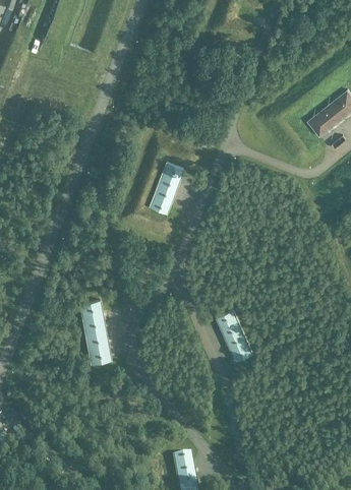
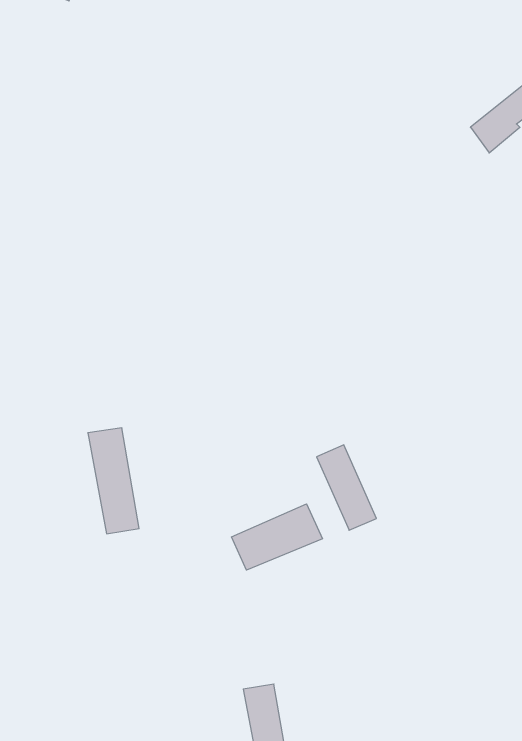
building: [150,164,183,215] -> none
building: none -> [231,504,322,570]

